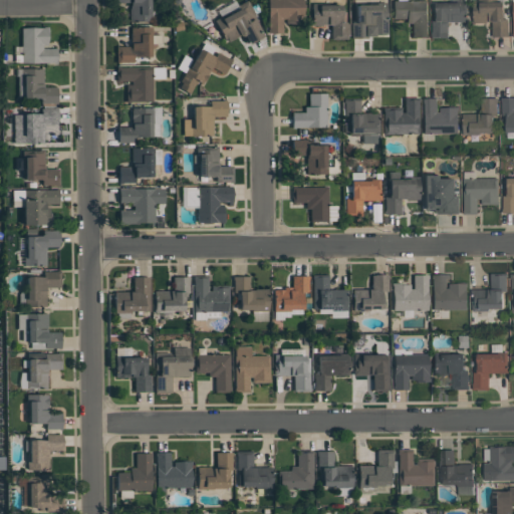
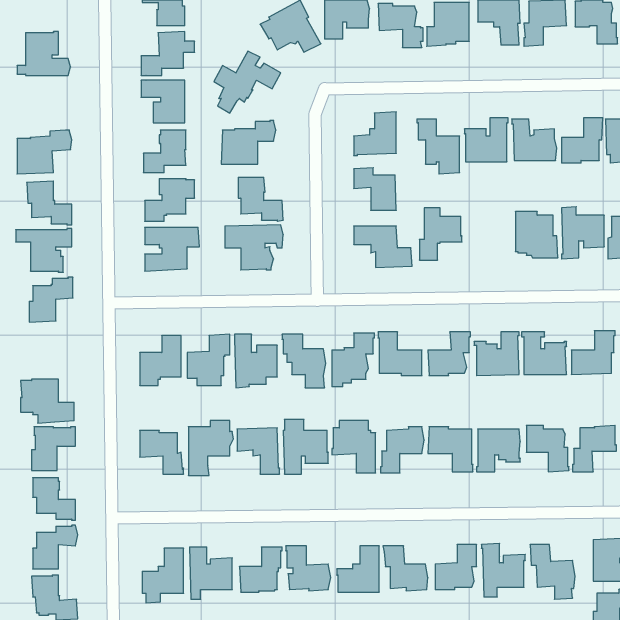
building: [22,69,58,104] -> none
building: [386,173,421,215] -> none
building: [29,271,62,307] -> none

